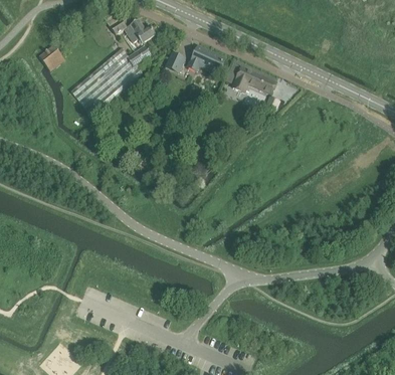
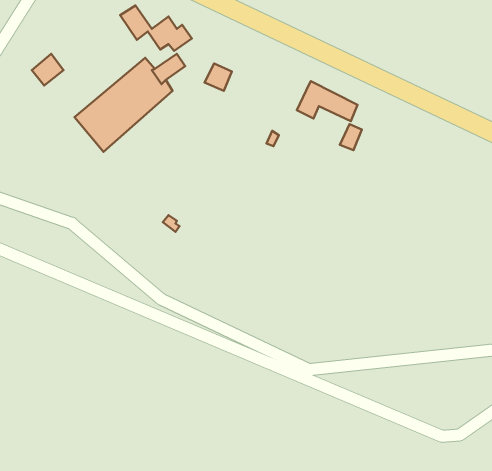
building: [186,45,225,73] -> none

